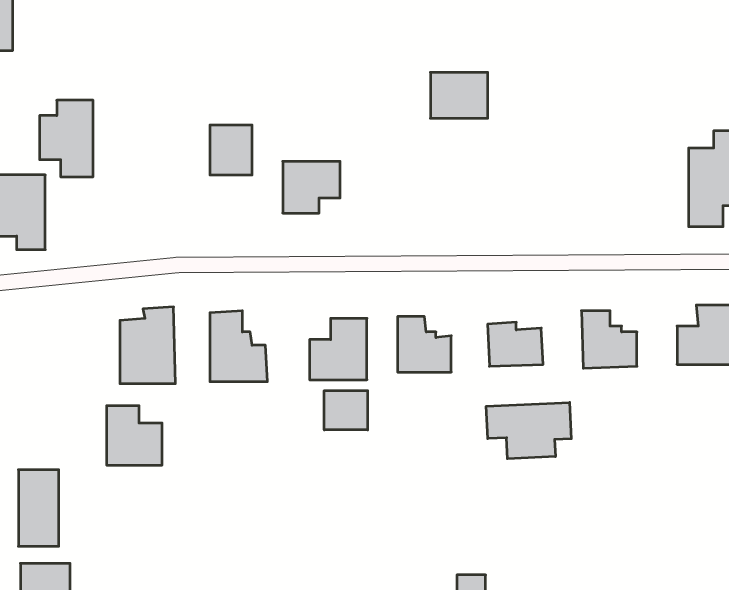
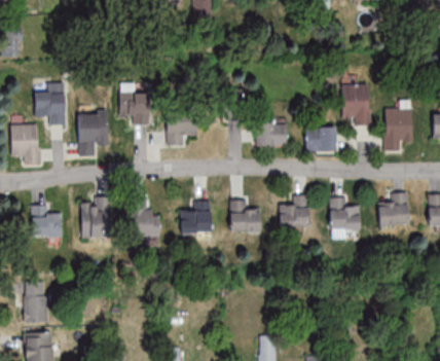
building: [430,72,488,118] -> [256,121,287,146]
building: none -> [341,85,370,127]
building: none -> [78,113,108,156]
building: none -> [305,129,336,152]
building: [324,391,368,430] -> none
building: [486,402,571,459] -> none
building: [107,406,162,465] -> [32,205,62,237]

